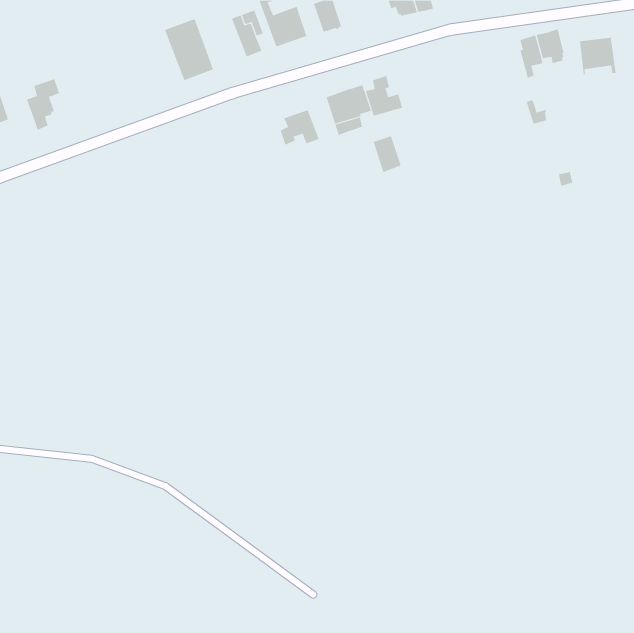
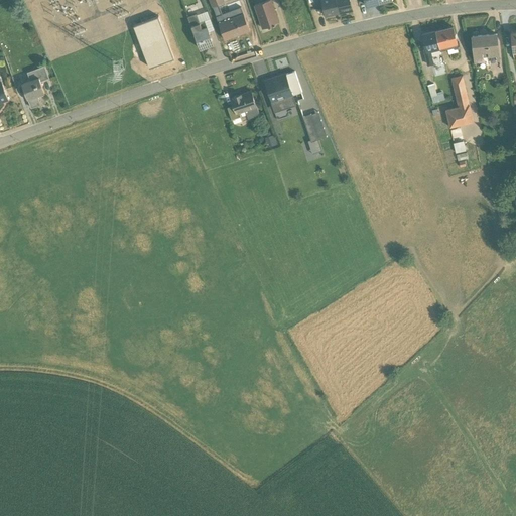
building: [365,75,403,117] -> none
building: none -> [444,75,473,128]

